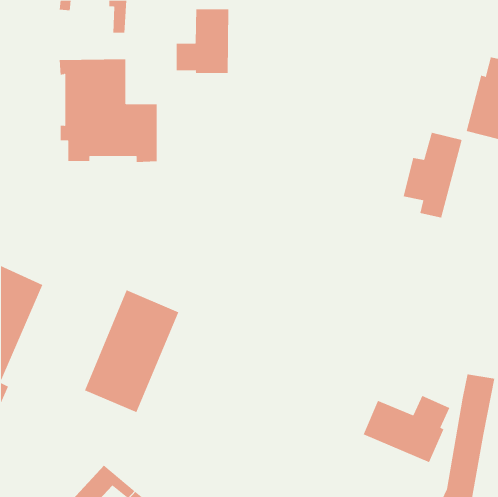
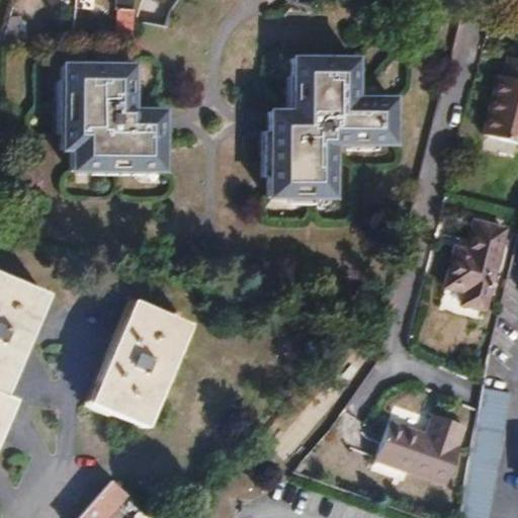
building: [176,9,229,74] -> none
building: none -> [270,55,395,196]
building: [403,132,463,218] -> [445,224,507,313]

